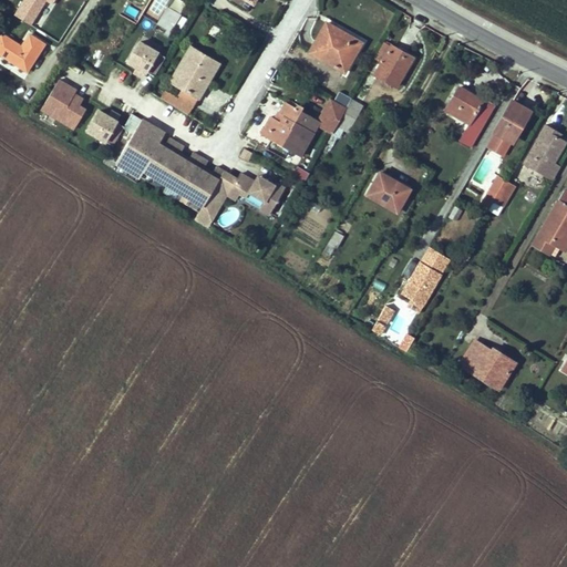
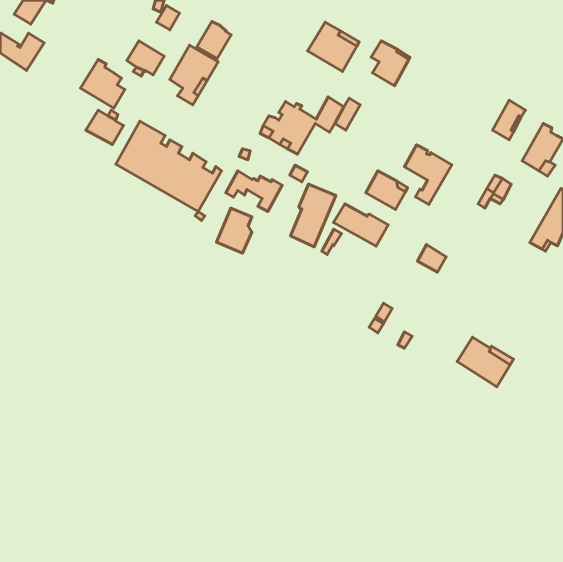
building: none -> [197,21,231,59]
building: [41,81,85,130] -> [81,60,125,108]
building: [445,87,493,147] -> [405,145,452,204]
building: none -> [290,184,336,247]
building: none -> [334,204,388,246]
building: none -> [217,208,252,253]
building: [399,261,440,306] -> none

